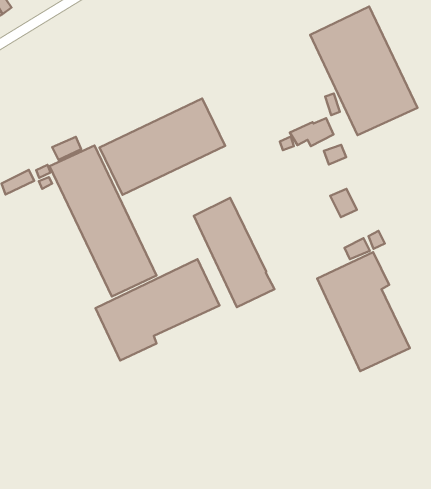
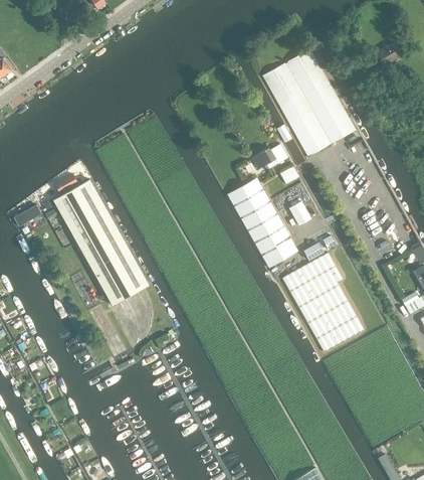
building: [100,99,225,195] -> none
building: [194,198,274,307] -> [227,177,298,268]
building: [95,259,220,360] -> none

